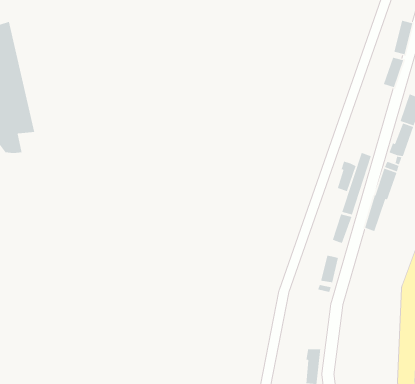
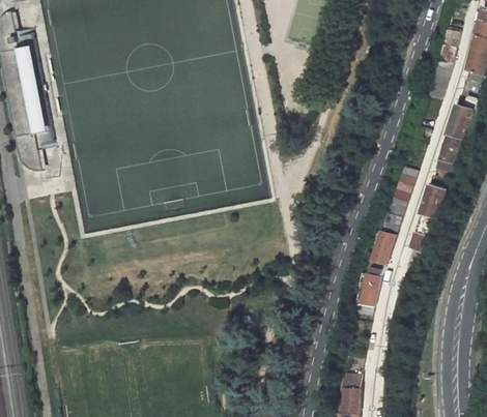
building: [337,160,357,192] -> none

